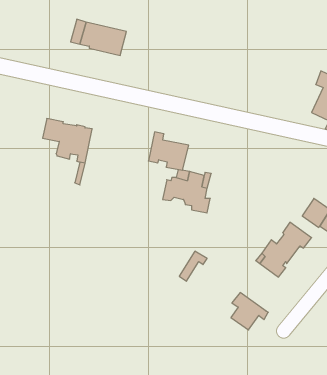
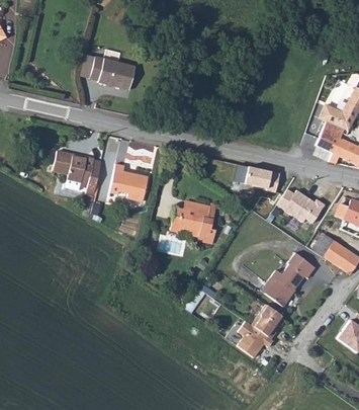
building: [148,132,189,170] -> [109,163,149,200]
building: none -> [244,166,279,192]
building: none -> [276,188,325,223]
building: none -> [251,304,283,339]

